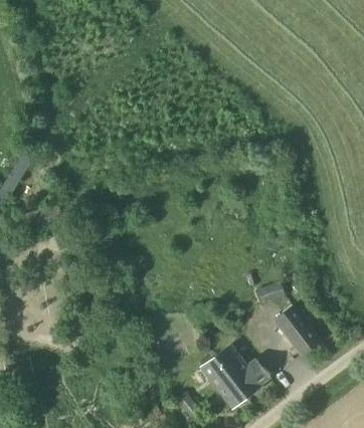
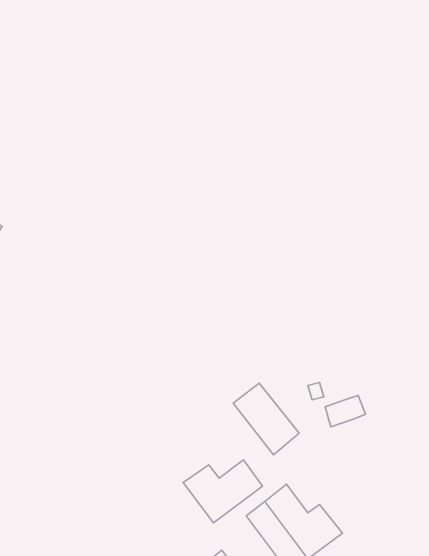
building: [275,306,321,357] -> [233,383,299,455]
building: none -> [183,460,262,523]

